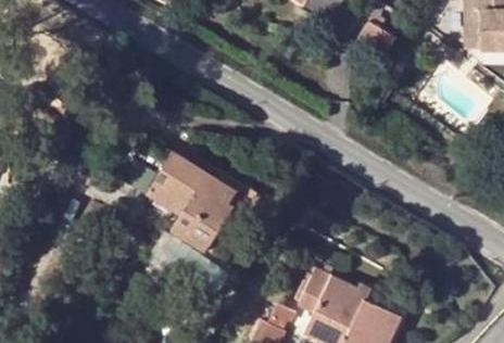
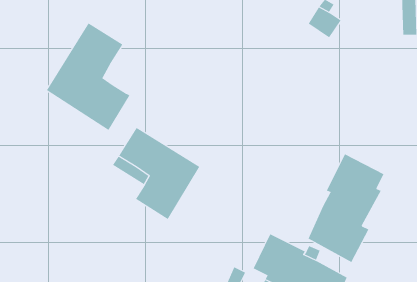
building: none -> [46,22,130,131]
building: none -> [308,154,384,263]

